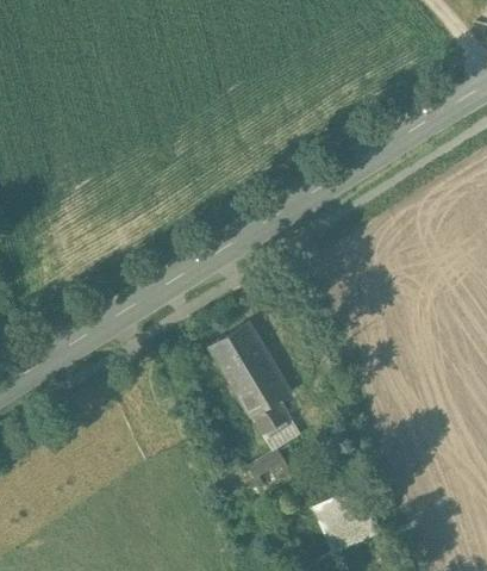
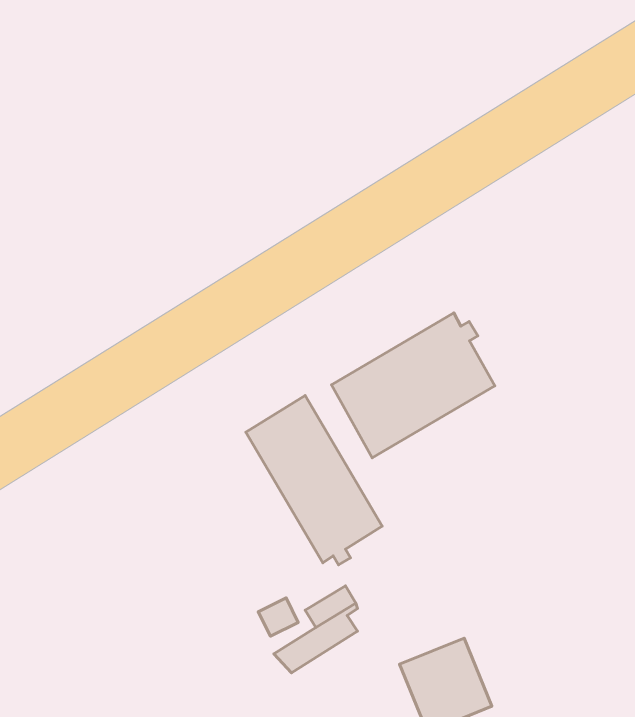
building: none -> [331,313,495,458]

